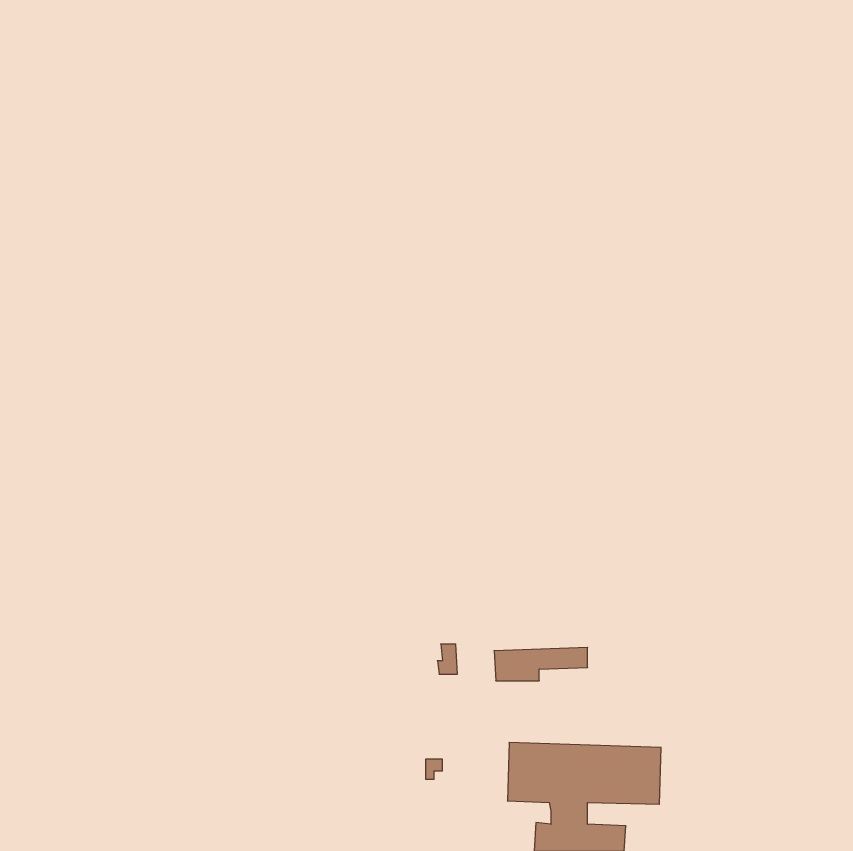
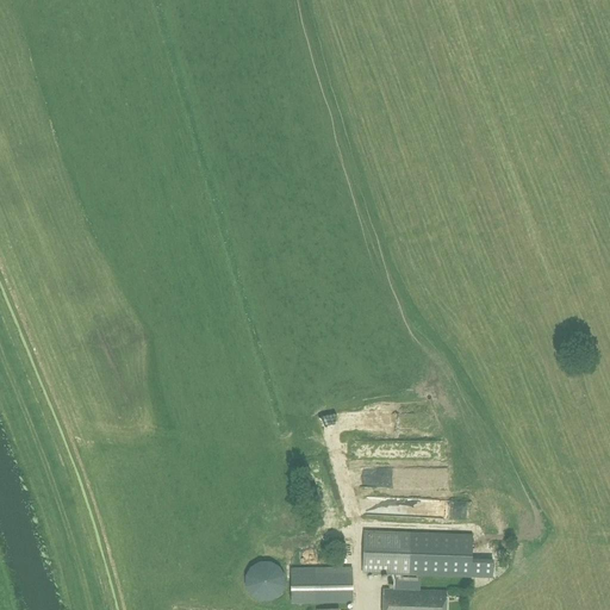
building: none -> [245,561,284,599]
building: none -> [292,566,351,602]

